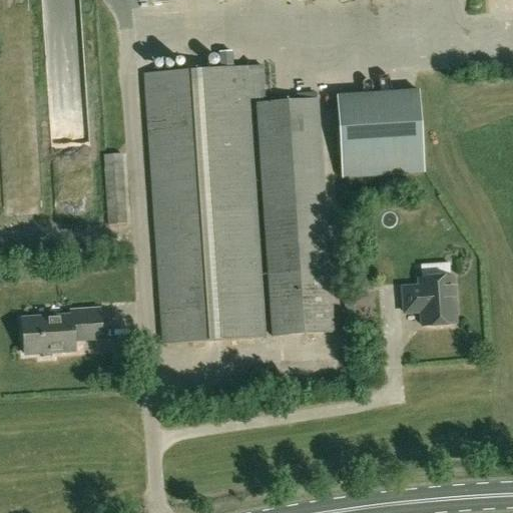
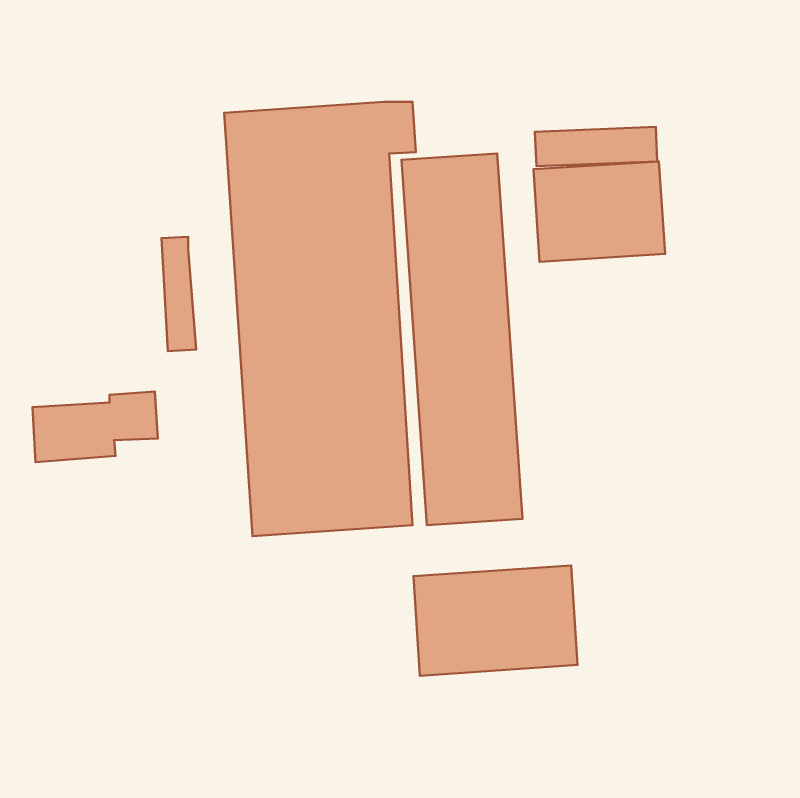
building: [403,278,456,327] -> none
building: [21,308,101,353] -> [33,392,158,462]
building: none -> [414,565,577,676]

